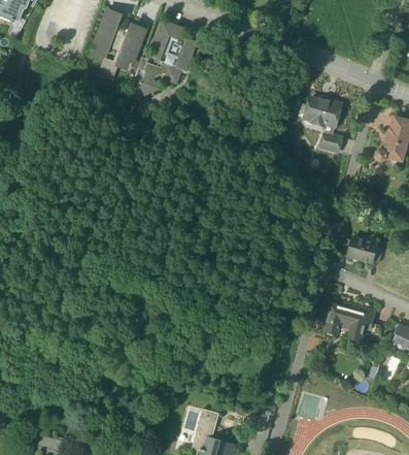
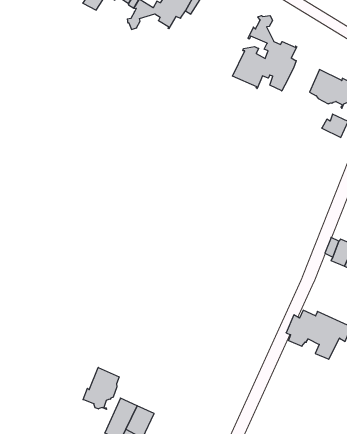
building: none -> [232,16,297,91]
building: none -> [83,367,119,409]

